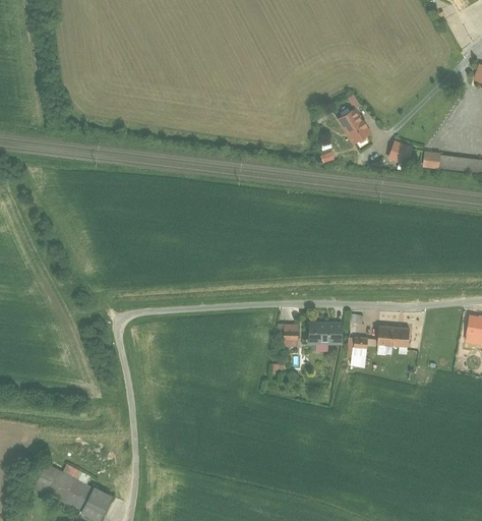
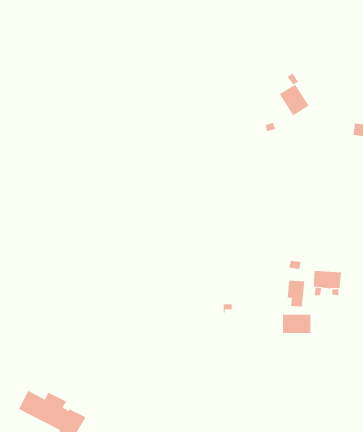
building: [388,140,413,165] -> none
building: [277,323,298,347] -> none
building: [308,323,342,345] -> [282,314,311,333]

